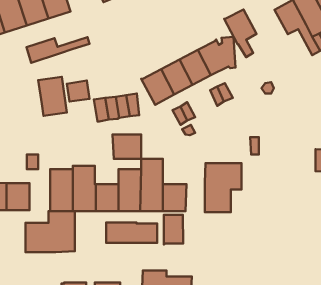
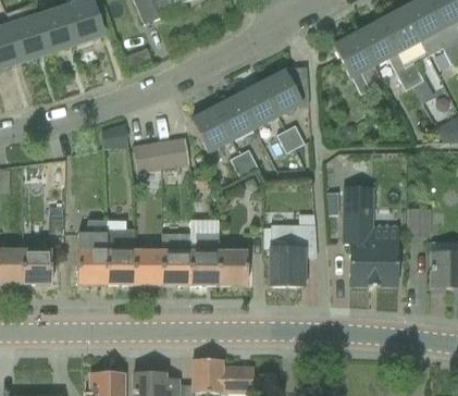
building: [224,9,257,57] -> [334,33,374,92]
building: [27,37,89,63] -> none
building: [38,77,67,116] -> none
building: none -> [343,187,397,285]
building: [113,135,141,159] -> none
building: [26,211,75,252] -> none
building: [164,215,183,244] -> none
building: [106,223,157,243] -> none

